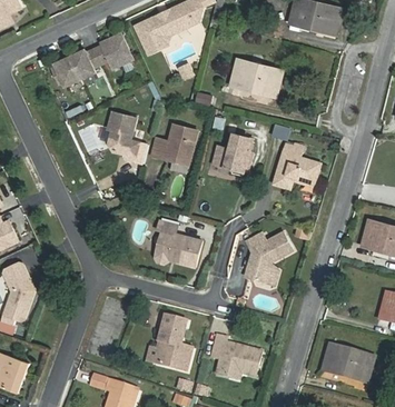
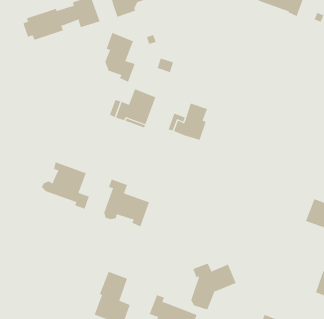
building: [230,59,280,96] -> none
building: [107,111,139,161] -> [105,32,136,82]
building: [273,142,320,189] -> none
building: none -> [41,162,90,209]
building: [244,229,290,279] -> [190,263,236,310]

